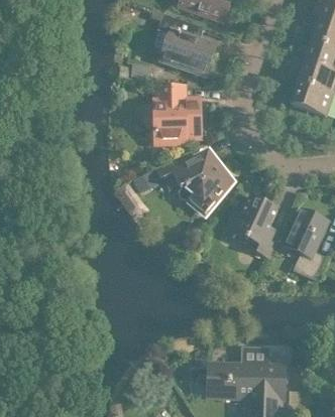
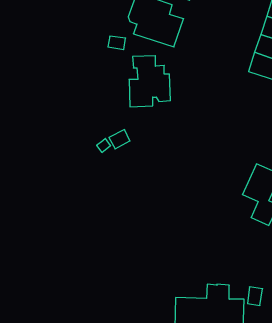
building: [155,149,231,212] -> none
building: [226,195,281,258] -> none

